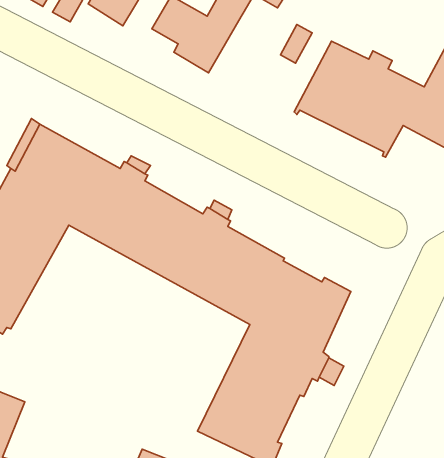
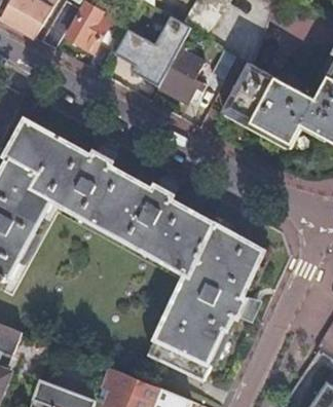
building: none -> [156,47,202,104]

